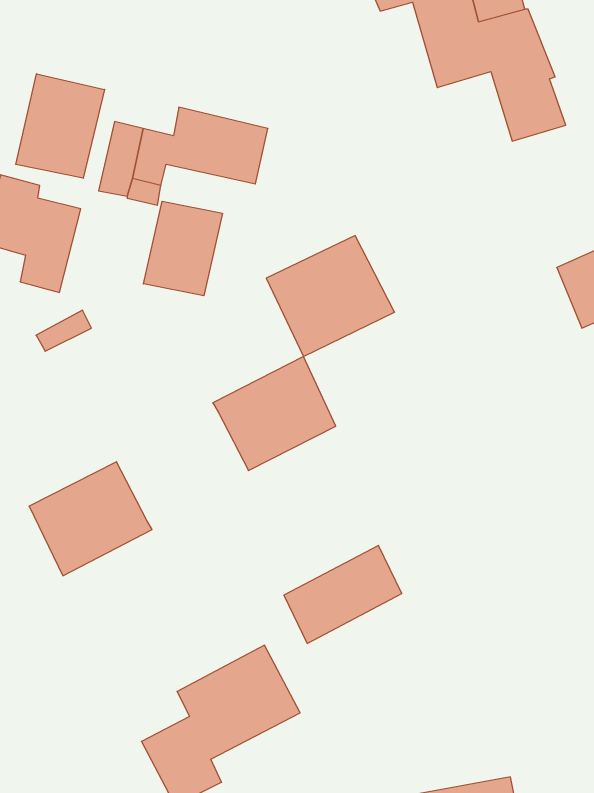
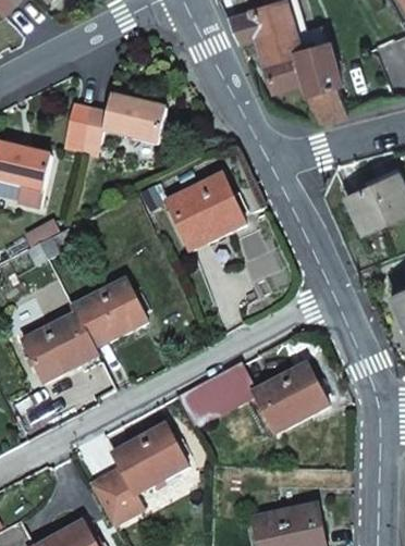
building: [16,74,105,178] -> none
building: [143,201,222,296] -> none
building: [213,357,336,471] -> [72,278,147,348]
building: none -> [253,362,330,433]

